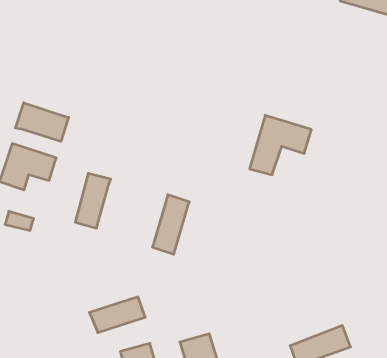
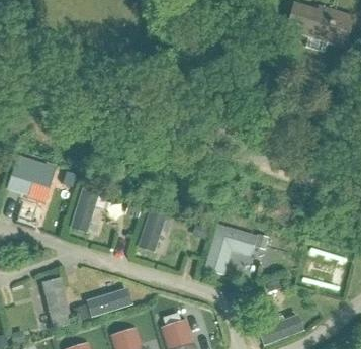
building: [15,103,69,141] -> none
building: [250,115,311,175] -> [205,220,258,270]
building: none -> [40,278,73,329]

